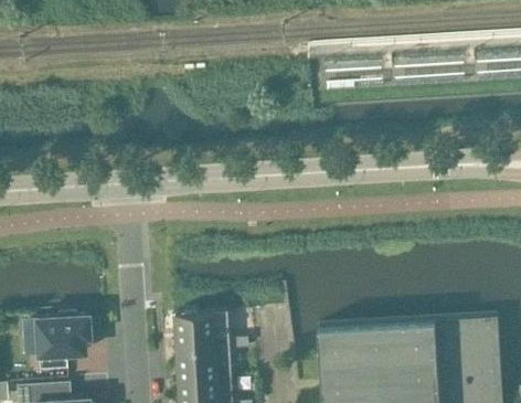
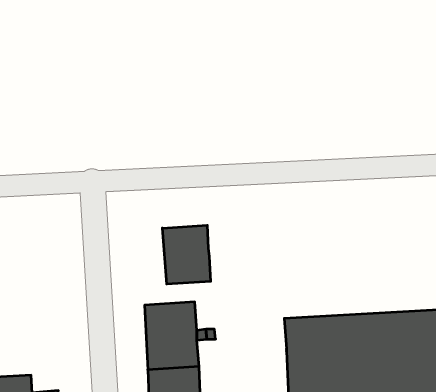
building: none -> [162,225,211,284]
building: [35,310,89,368] -> none

